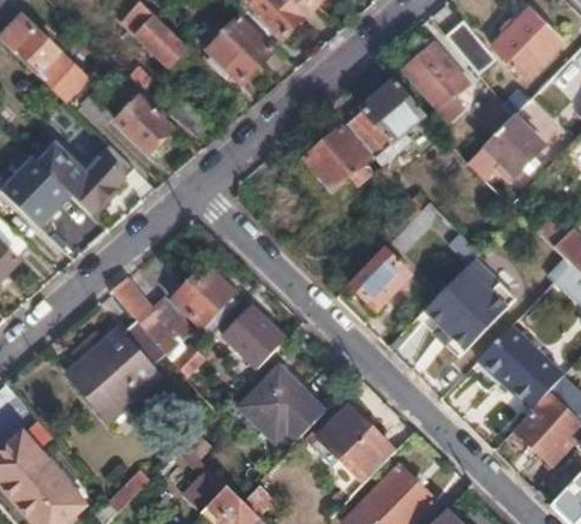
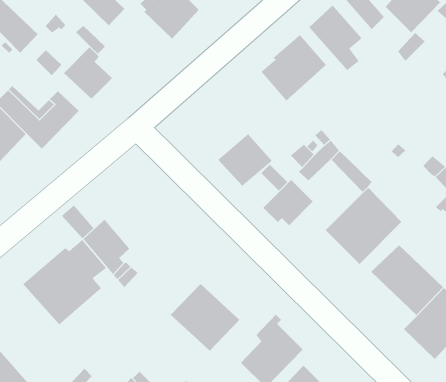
building: [466,114,543,174] -> none
building: [306,124,371,186] -> [218,133,273,186]
building: [172,270,233,327] -> none
building: [222,305,286,367] -> none

